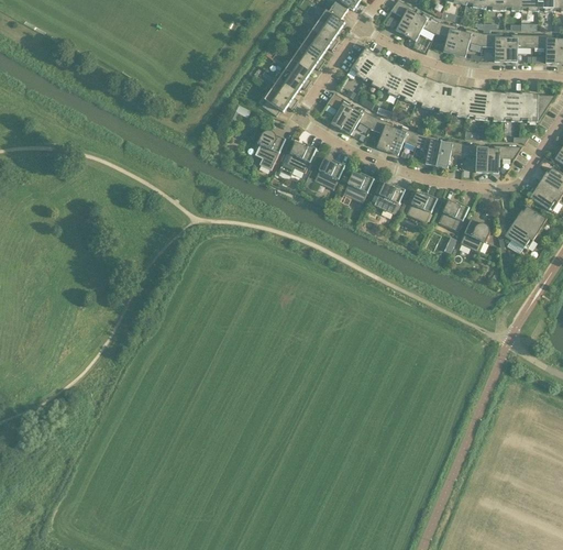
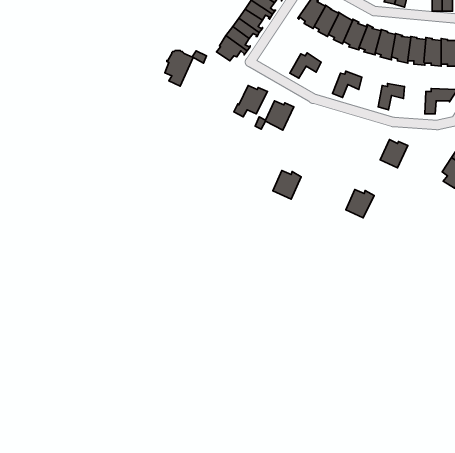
building: [327,91,353,128] -> none
building: [369,116,396,150] -> none
building: [255,130,286,168] -> [165,50,193,86]
building: [416,132,441,164] -> none
building: [464,142,488,172] -> none
building: [343,172,374,202] -> [273,171,301,199]
building: [374,182,405,213] -> none
building: [407,191,438,222] -> [346,189,374,218]
building: [460,218,490,251] -> none

